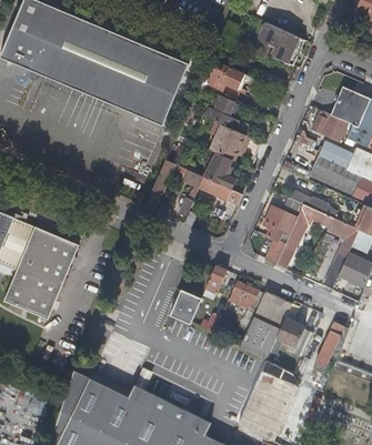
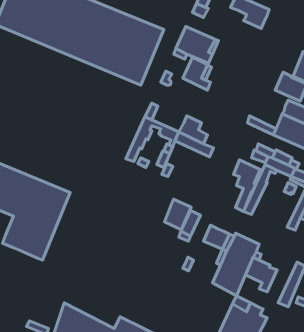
building: [208,124,249,161] -> none
building: [170,290,200,324] -> [164,199,191,230]

